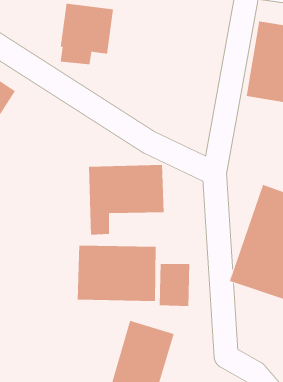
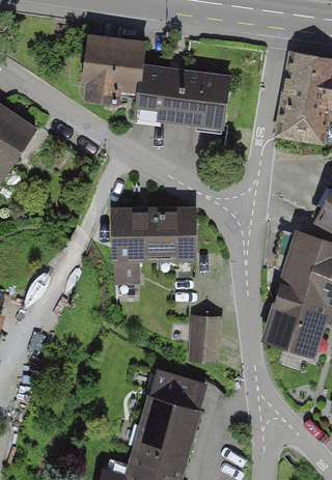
building: none -> [135,66,229,126]
building: [77,245,156,302] -> none

